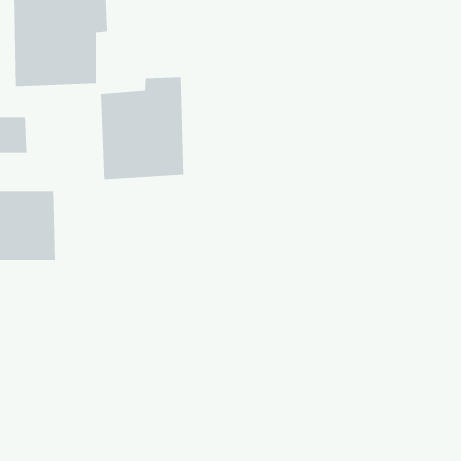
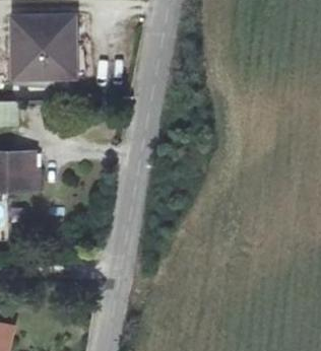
building: [101,77,184,180] -> none

